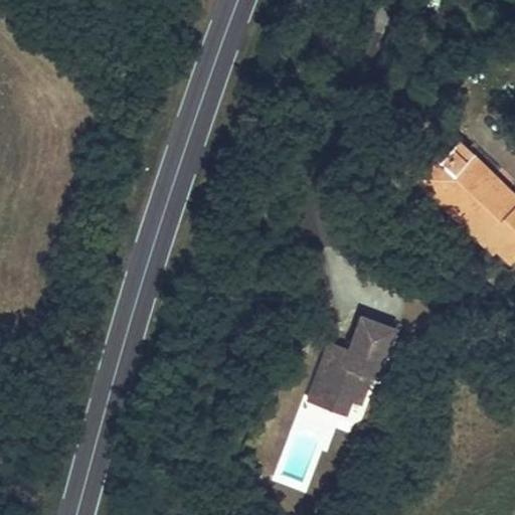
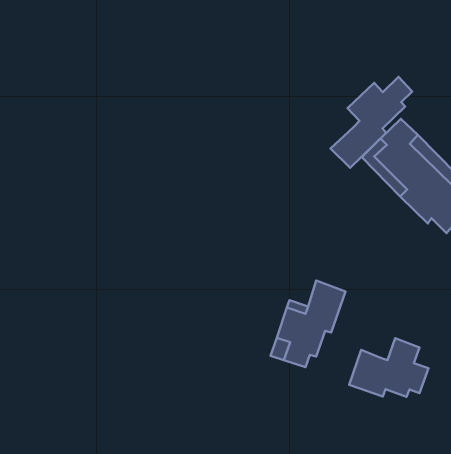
building: none -> [331,77,412,168]
building: none -> [349,338,429,397]

